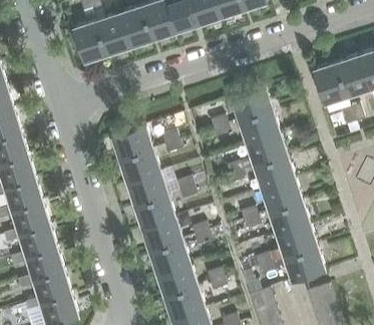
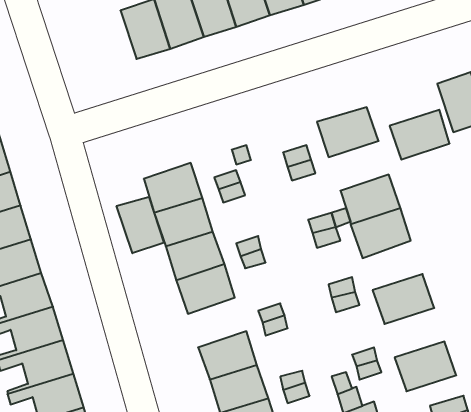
building: [72,22,107,63] -> none
building: [239,111,280,145] -> [390,110,450,160]
building: none -> [117,197,164,253]
building: [262,180,303,214] -> none
building: [142,219,182,253] -> none
building: [277,226,318,260] -> none

